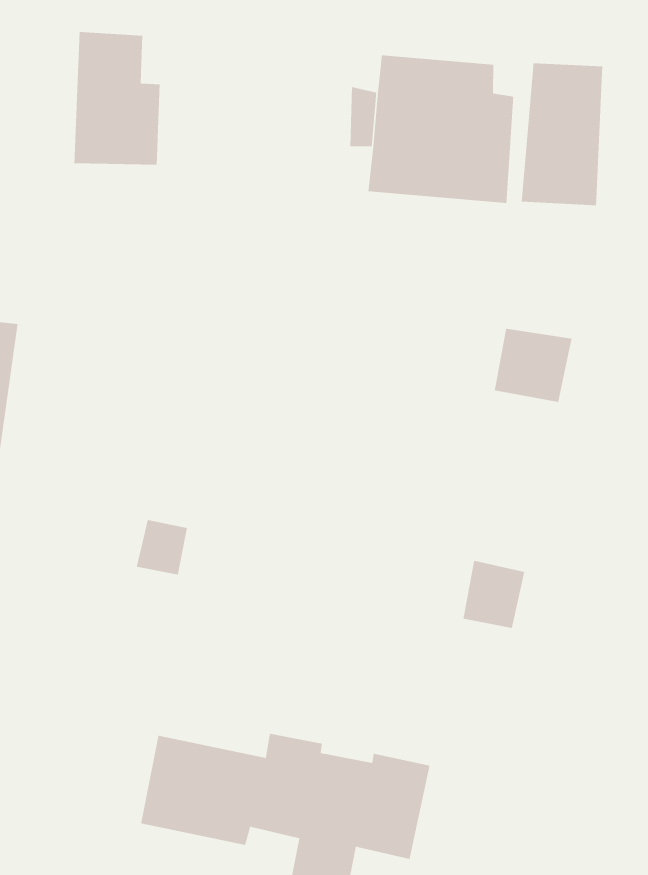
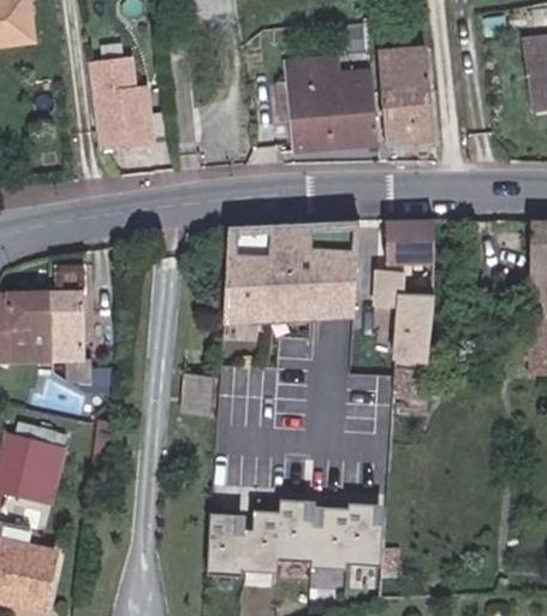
building: none -> [221,223,359,324]
building: none -> [370,271,429,360]

